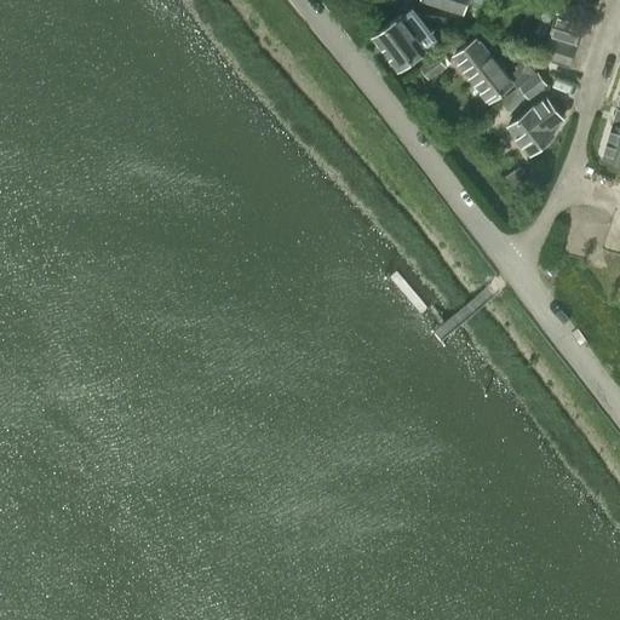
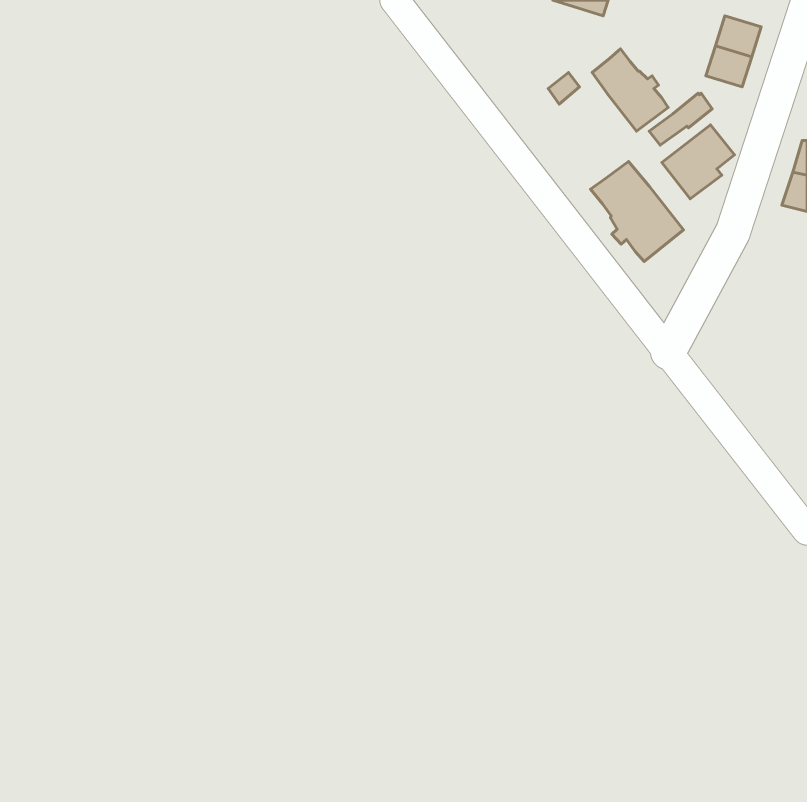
building: [373,8,437,71] -> none
building: none -> [591,162,683,261]

